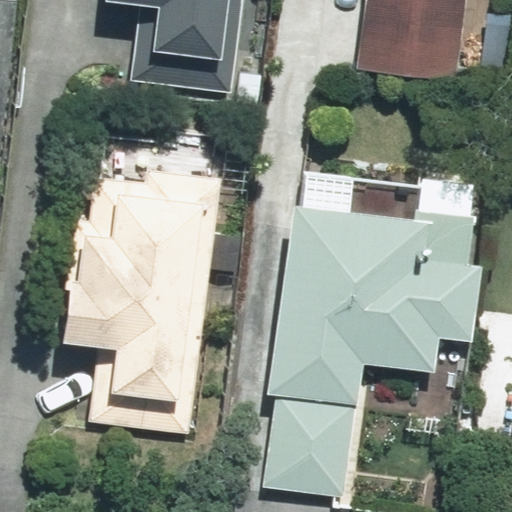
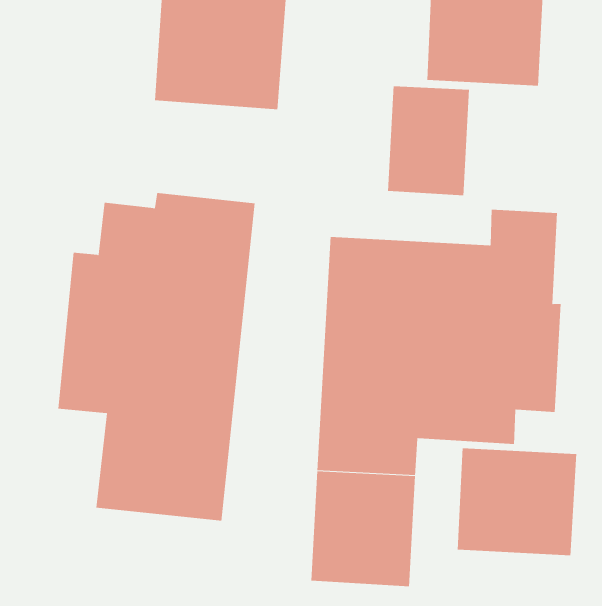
building: none -> [387,86,470,196]
building: none -> [457,447,577,556]

